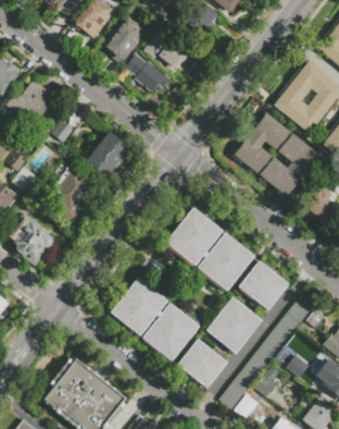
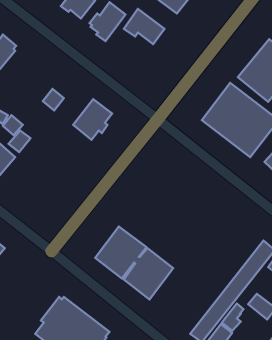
building: [125,54,171,95] -> none
building: [7,78,56,121] -> none
building: [50,168,92,222] -> none
building: [164,207,254,291] -> none
building: [8,218,52,267] -> none
building: [237,259,289,310] -> none
building: [205,296,261,353] -> none
building: [177,339,227,387] -> none

